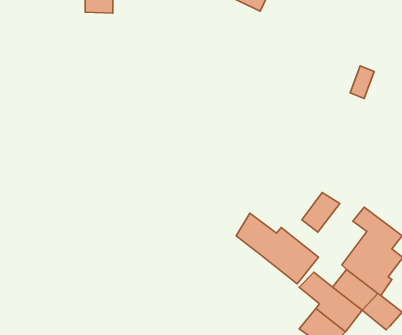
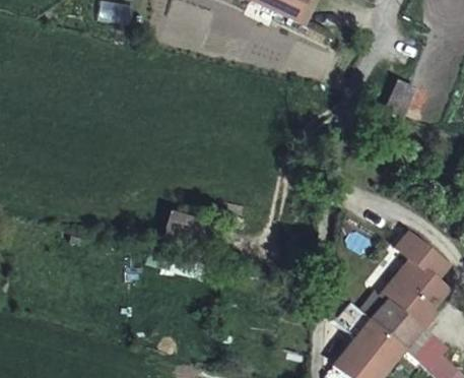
building: none -> [164,210,206,244]
building: [302,193,340,232] -> none
building: [236,213,318,284] -> none

